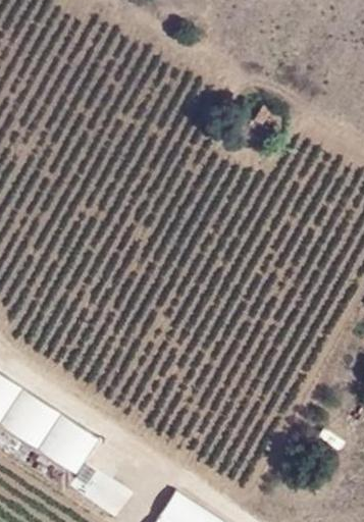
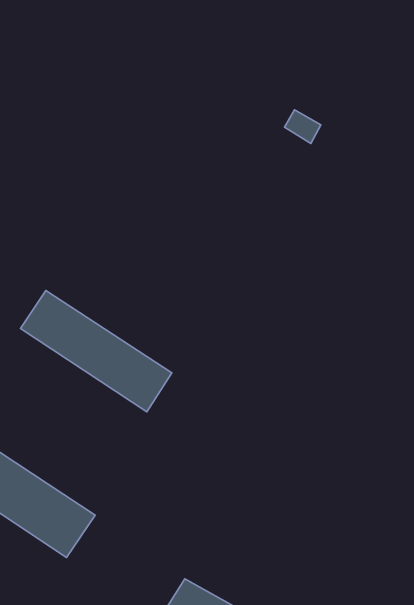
building: none -> [20,291,172,412]

